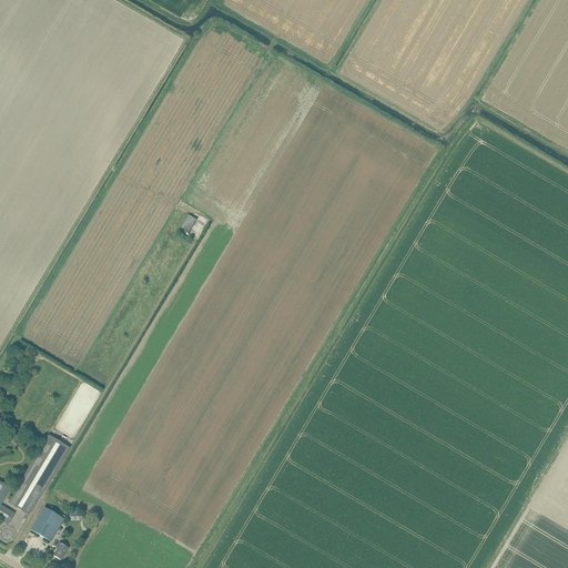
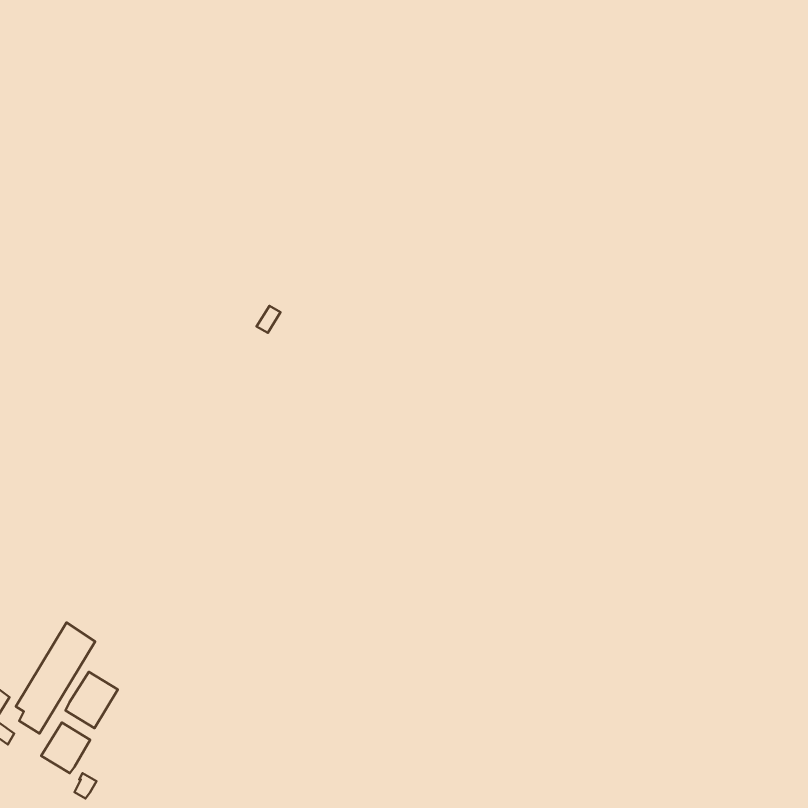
building: none -> [66,672,118,728]

